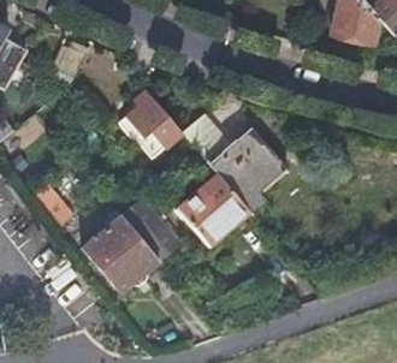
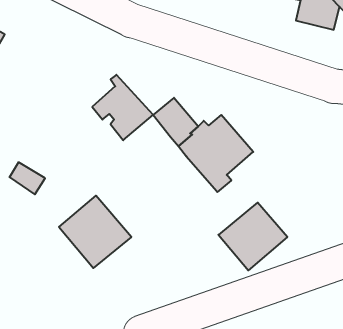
building: [177,174,249,245] -> [218,203,287,270]
building: [123,198,180,258] -> none

